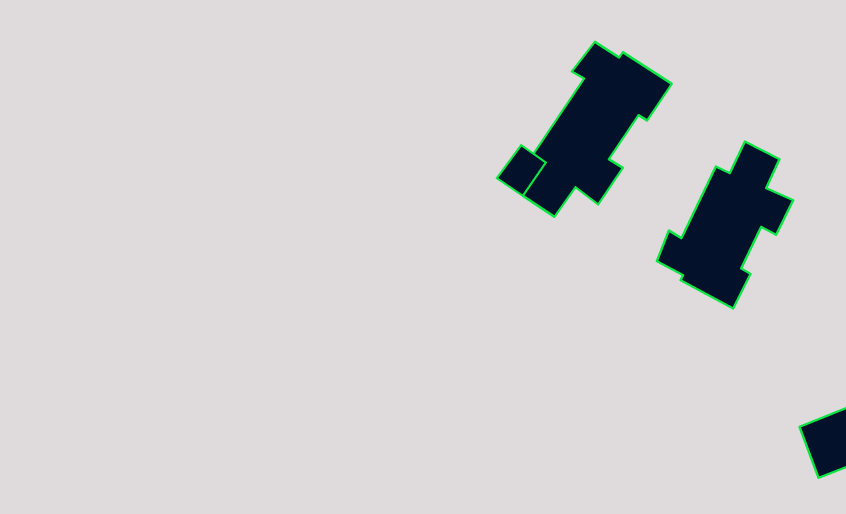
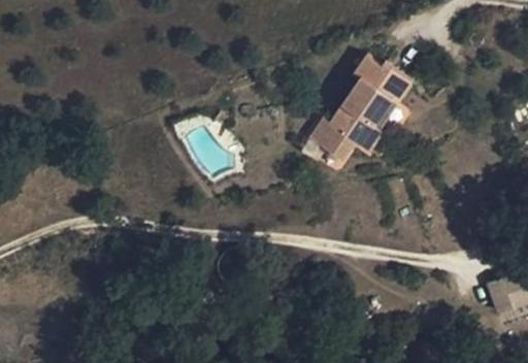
building: [657,141,793,308] -> none

